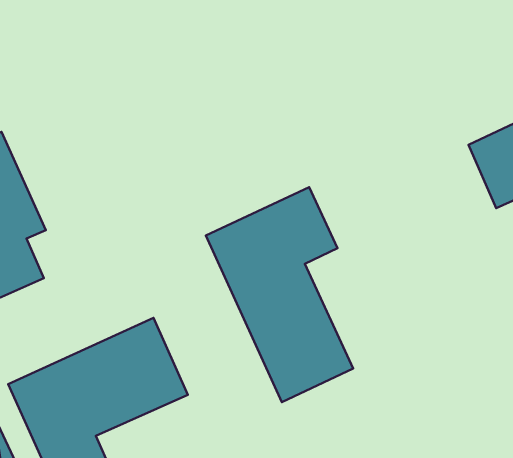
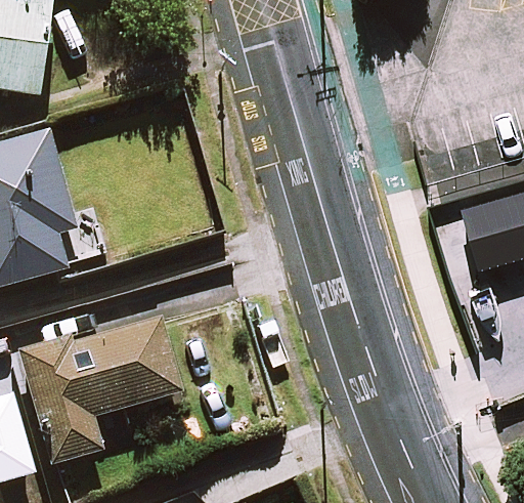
building: [206,187,353,402] -> none

